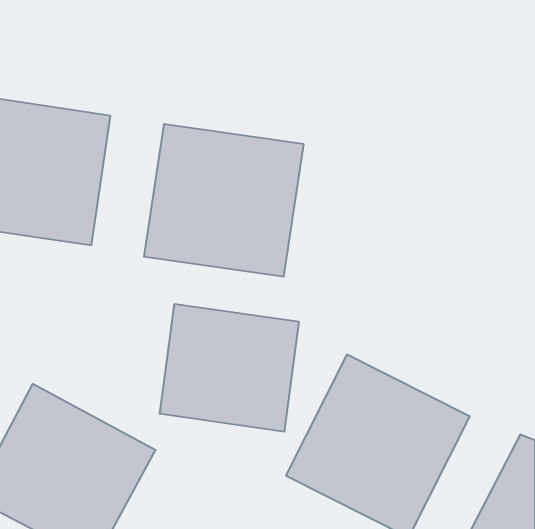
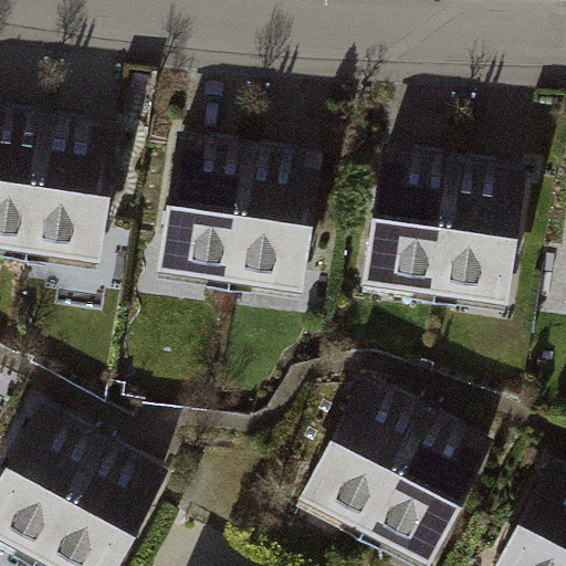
building: none -> [363,154,522,314]
building: [160,304,299,432] -> none

